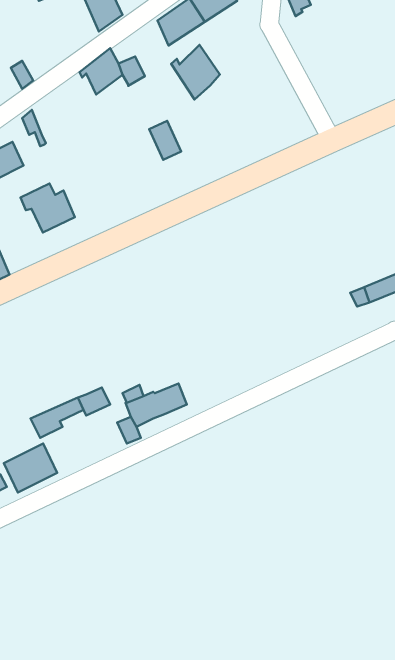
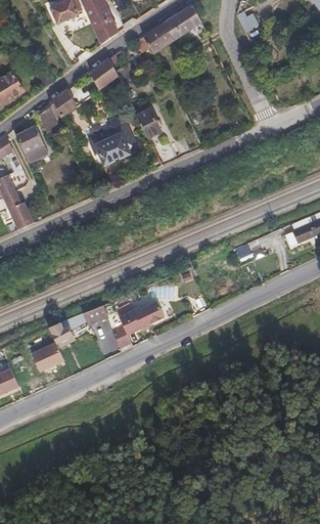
building: [171,45,220,99] -> none
building: none -> [50,88,76,120]
building: [20,184,75,233] -> [89,129,129,165]

